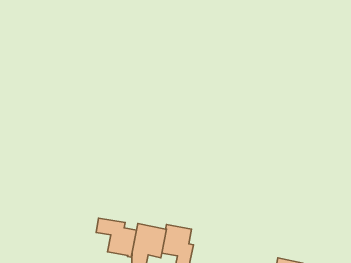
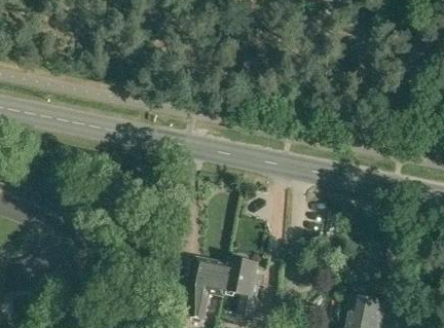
building: [96,218,137,257] -> none

